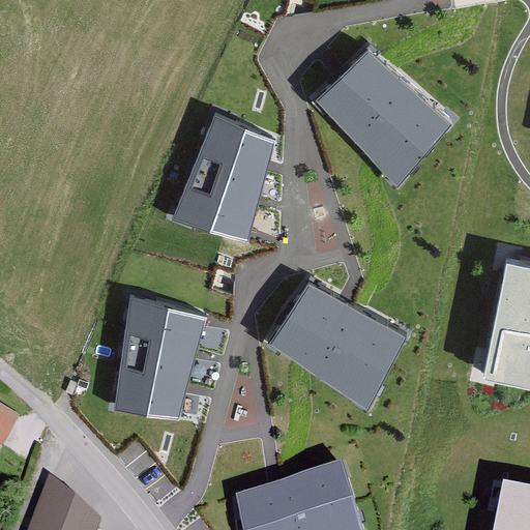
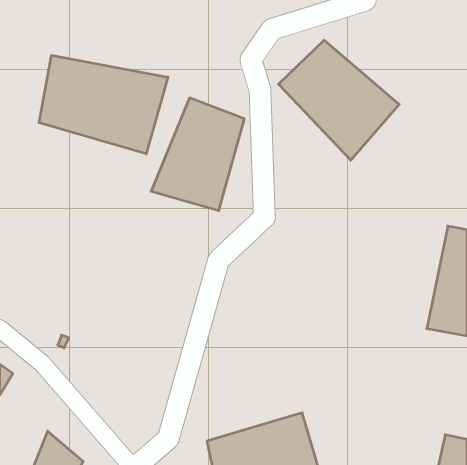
building: none -> [39,55,168,154]
building: [270,281,406,407] -> none
building: [113,296,206,419] -> none

